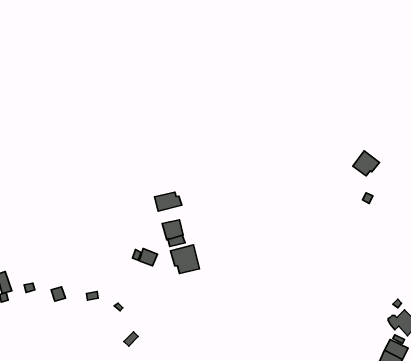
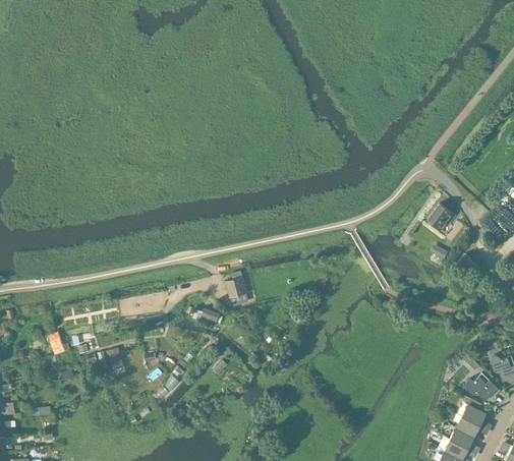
building: [154,192,182,211] -> none
building: [171,245,200,273] -> none

